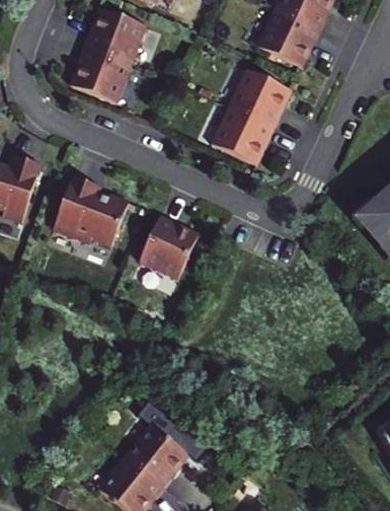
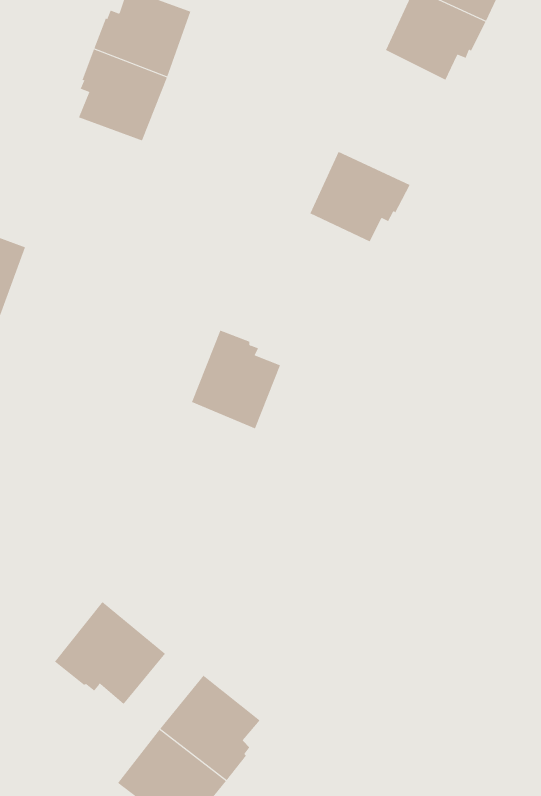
building: [232,68,287,127] -> none
building: [54,175,129,244] -> none
building: none -> [54,601,166,705]

